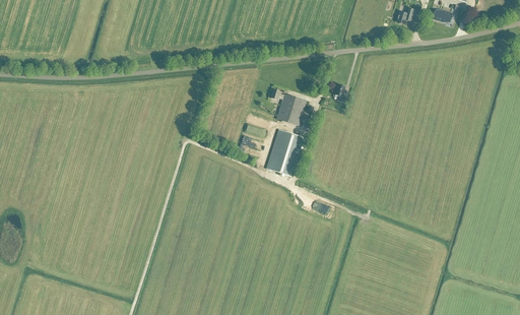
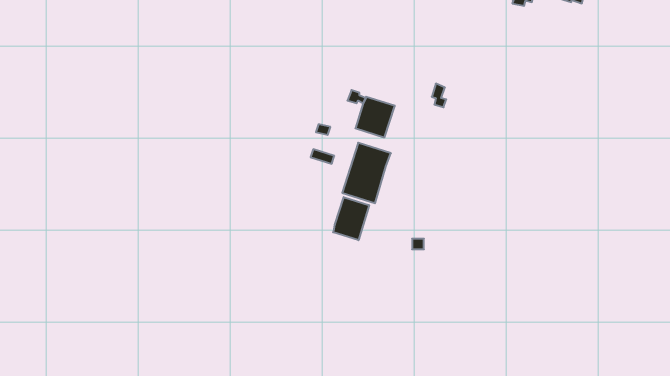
building: none -> [333,197,369,240]

